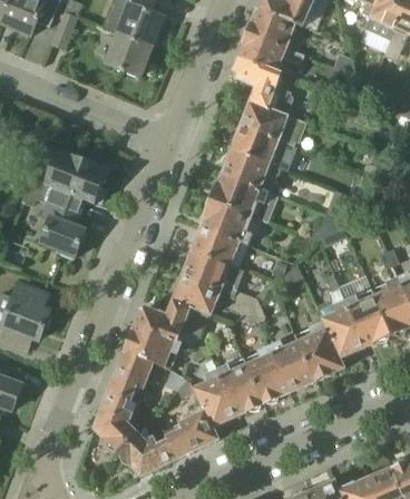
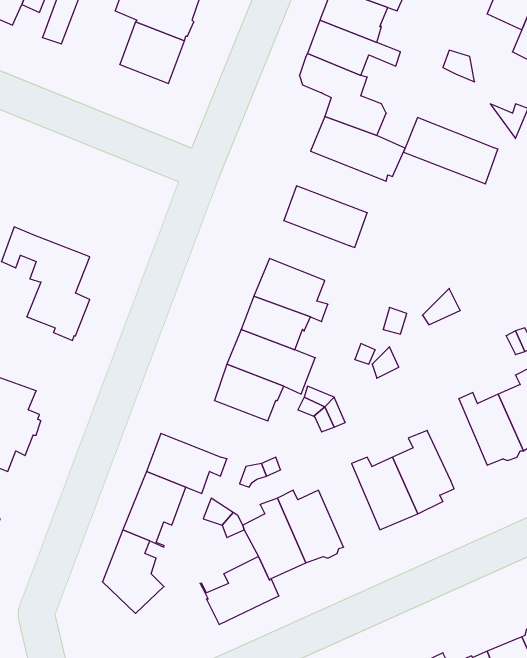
building: [231,124,297,170] -> [403,118,498,184]
building: [31,145,109,203] -> none
building: [212,173,269,215] -> none
building: [322,273,365,356] -> none
building: [135,300,207,340] -> none
building: [246,344,290,403] -> none
building: [117,431,176,474] -> none

